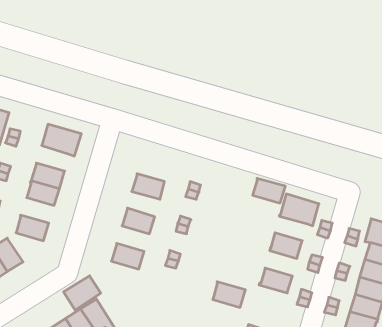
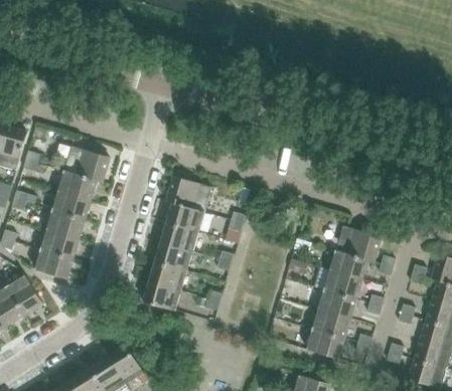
building: none -> [57,171,95,200]
building: none -> [166,177,211,212]
building: [253,178,285,203] -> [329,251,366,279]
building: none -> [161,223,198,252]
building: none -> [39,230,78,259]
building: none -> [149,262,186,291]
building: none -> [318,290,354,320]
building: [64,276,101,310] -> none
building: [213,282,245,307] -> [306,330,343,359]

